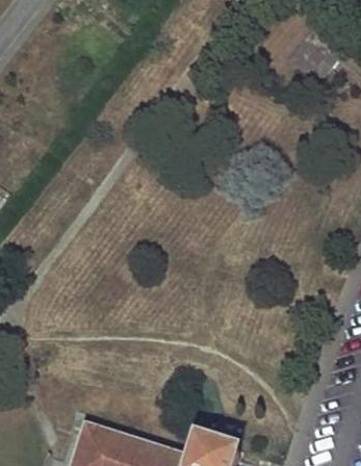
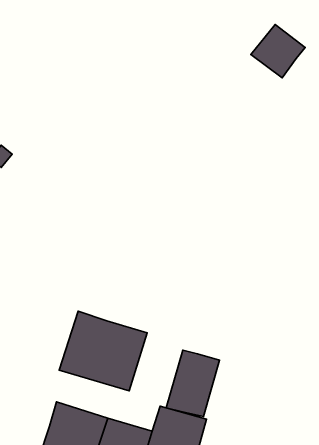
building: none -> [59,311,147,391]
building: none -> [166,350,219,416]

